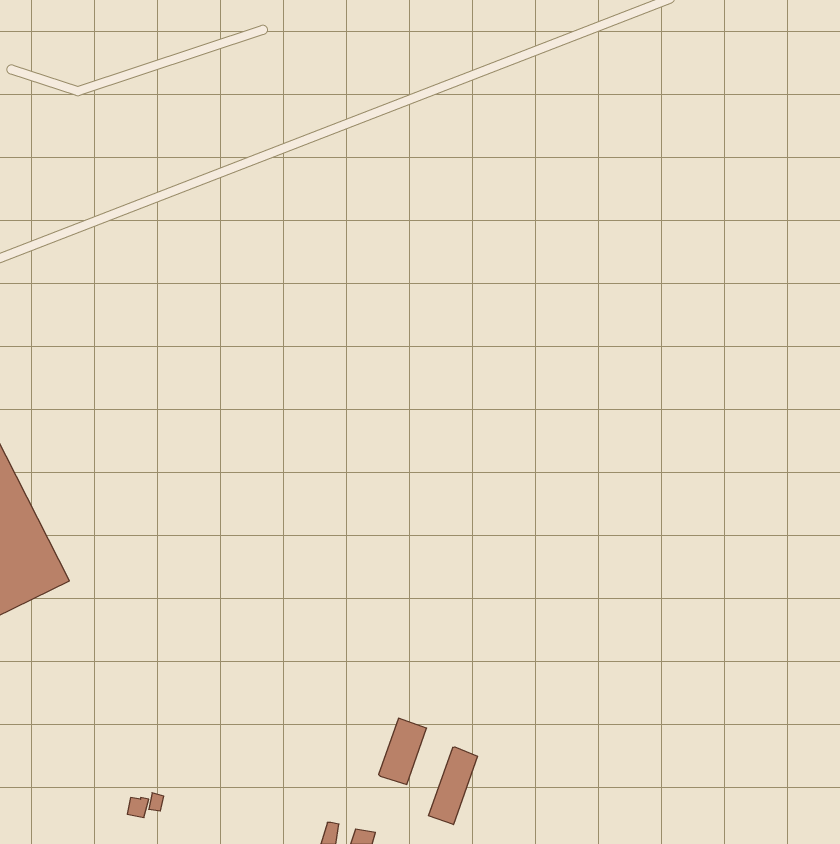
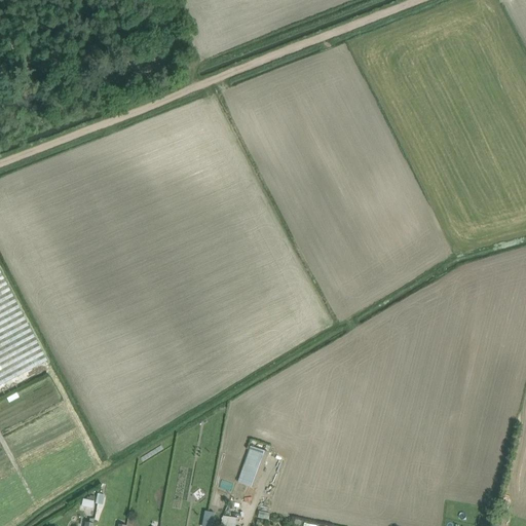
building: [429,747,478,825] -> none

